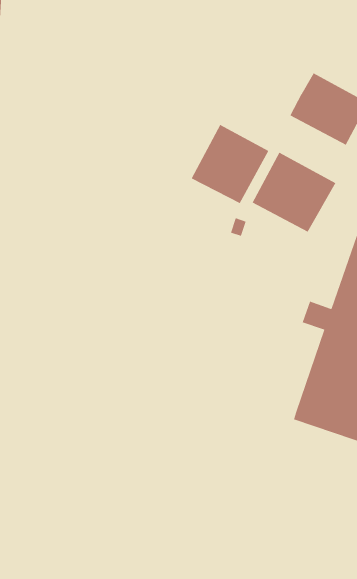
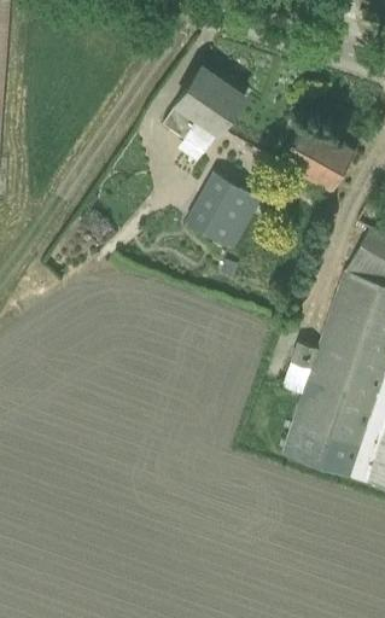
building: none -> [162,65,244,152]
building: [252,152,336,233] -> none

